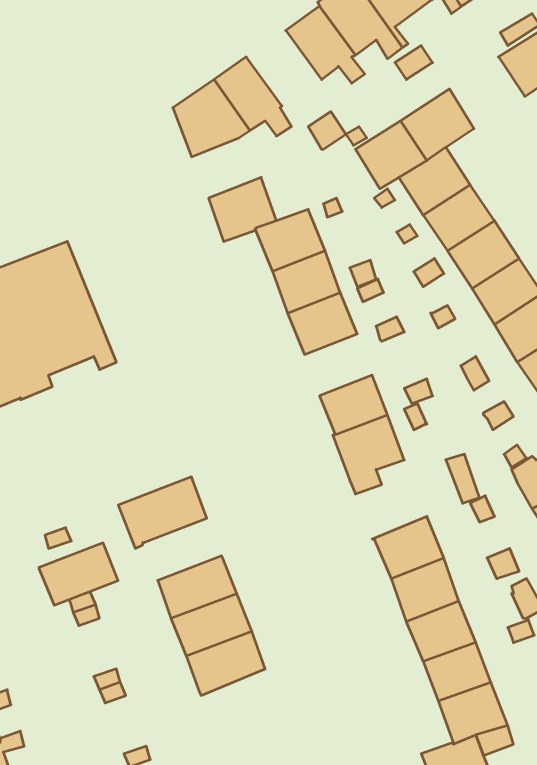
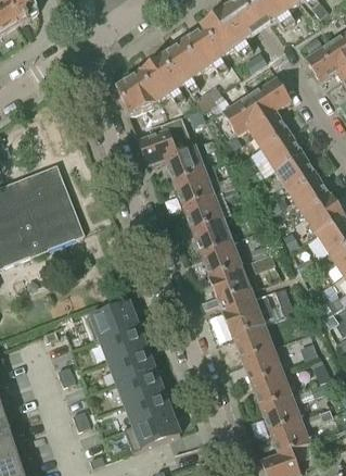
building: none -> [159,42,203,93]
building: none -> [193,217,232,253]
building: none -> [222,290,273,336]
building: [39,543,118,605] -> [100,324,145,360]
building: none -> [123,411,180,452]

